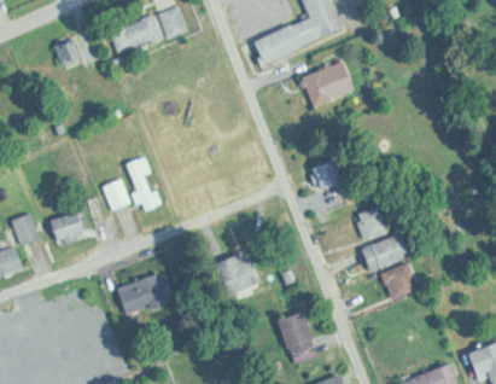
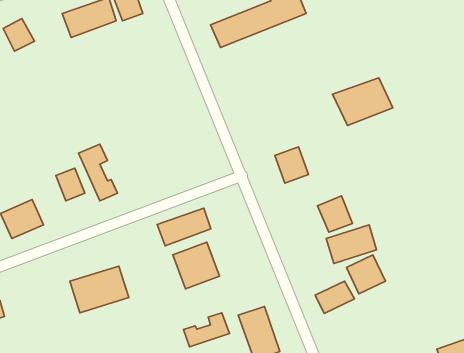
building: [291,62,349,107] -> [332,78,393,126]
building: none -> [157,208,211,246]
building: none -> [315,281,354,314]
building: none -> [184,313,229,347]

